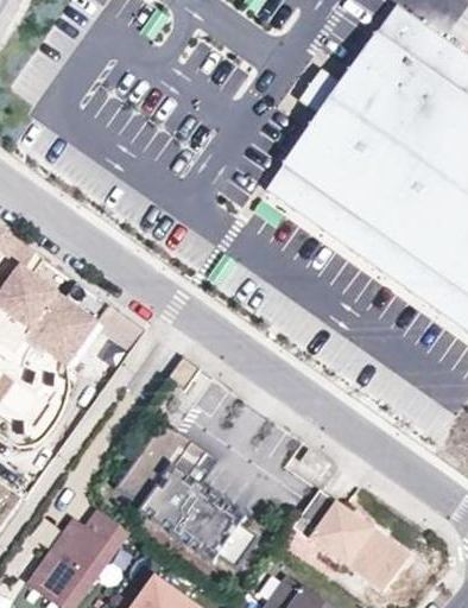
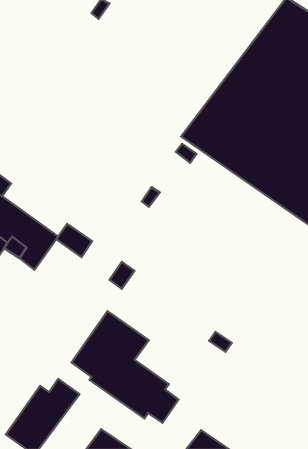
building: [293,488,409,590] -> none

